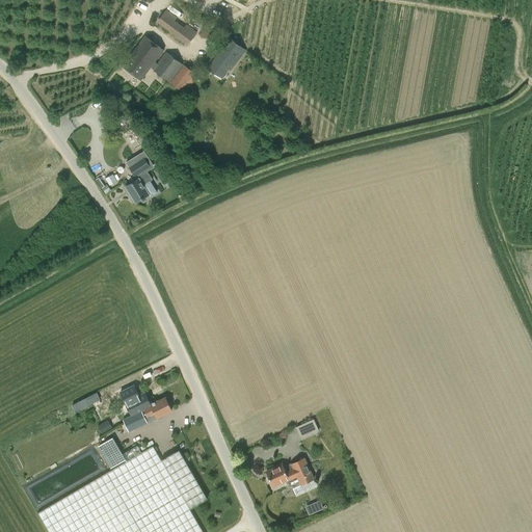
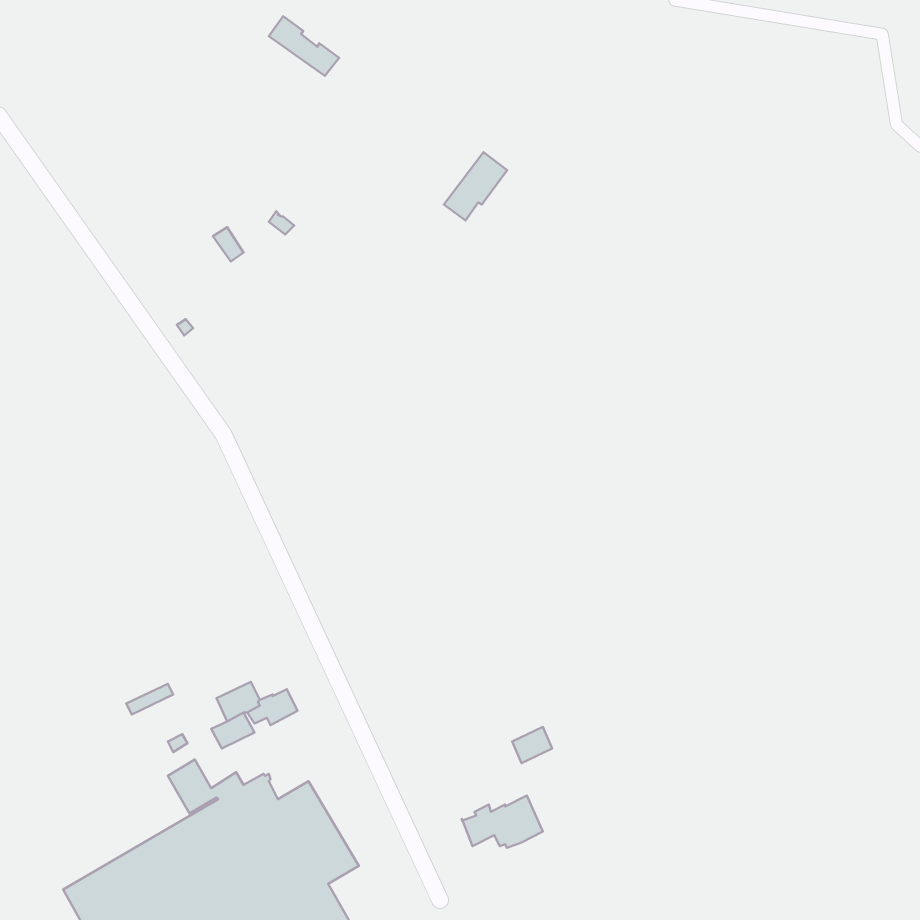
building: [121,36,194,91] -> none
building: [208,38,244,78] -> [444,152,507,221]
building: [125,151,156,204] -> none

